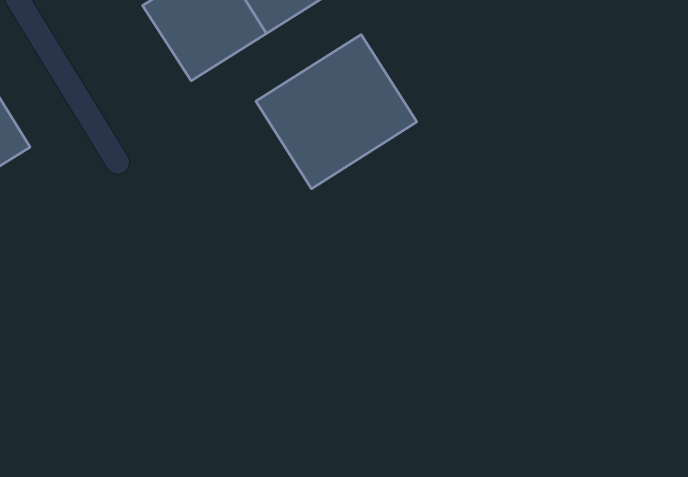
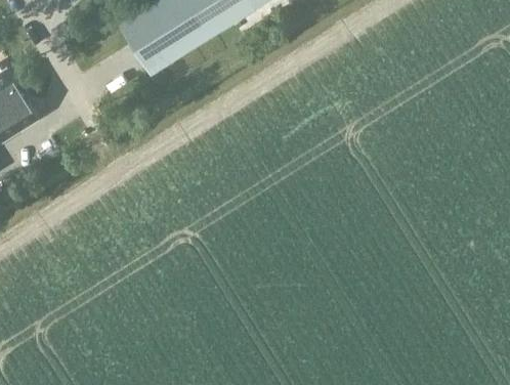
building: [256,34,417,189] -> none

